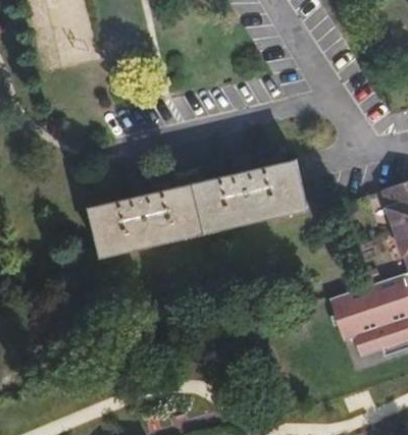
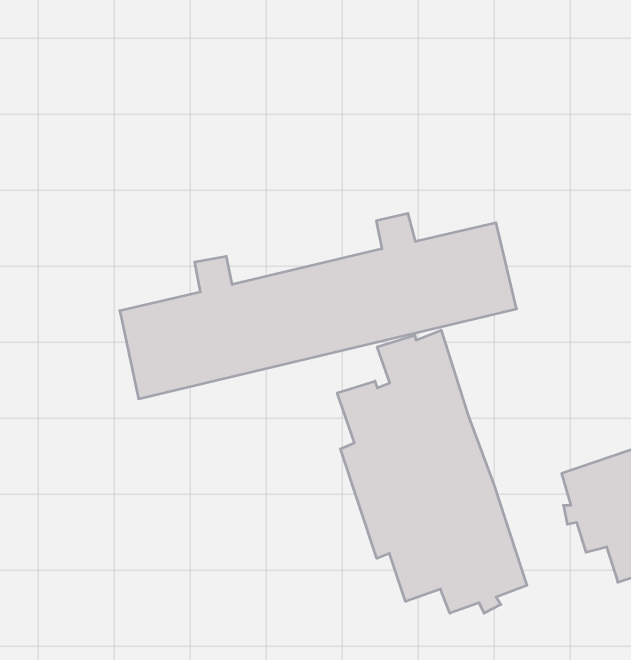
building: none -> [337,330,527,613]

